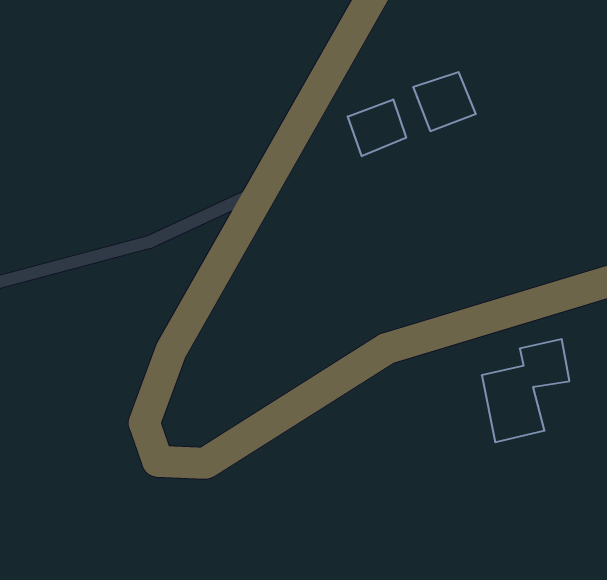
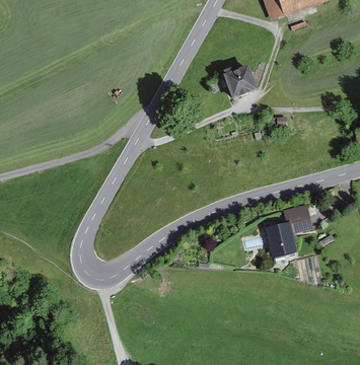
building: [348,99,406,156] -> none

